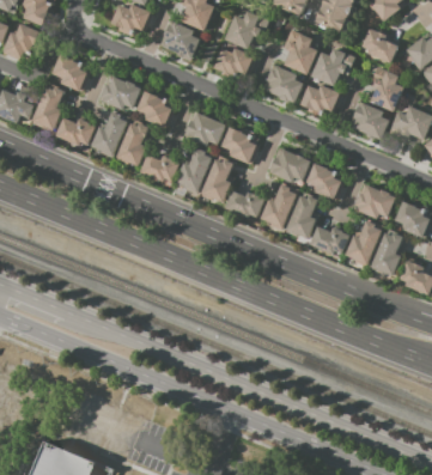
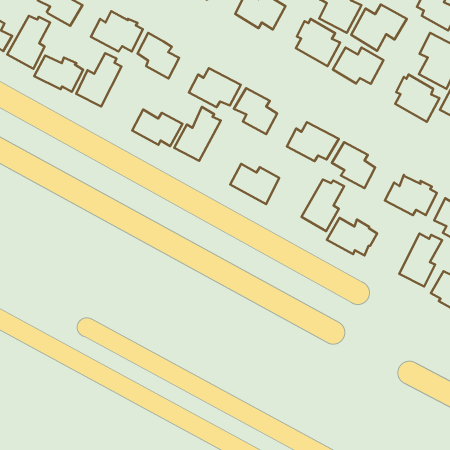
building: [116,122,148,165] -> none
building: [200,158,233,201] -> none
building: [260,183,297,227] -> none
building: [345,218,383,263] -> none

